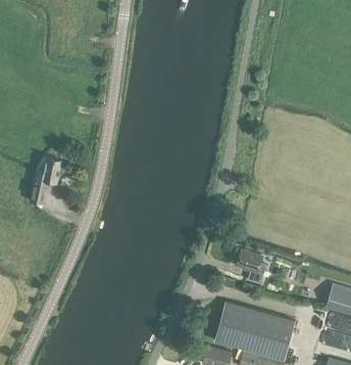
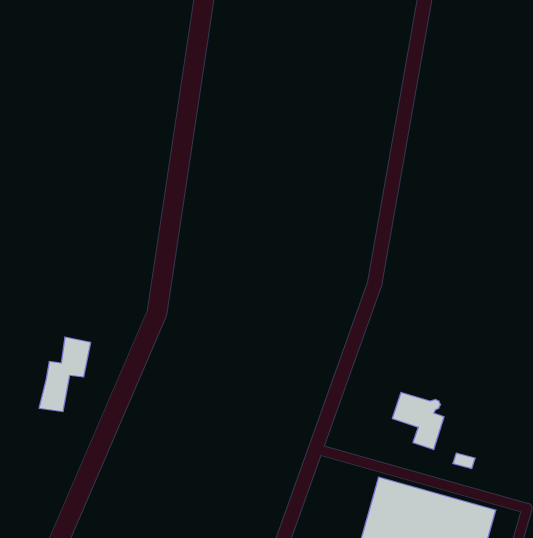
building: [31,156,61,200] -> [39,337,91,412]

